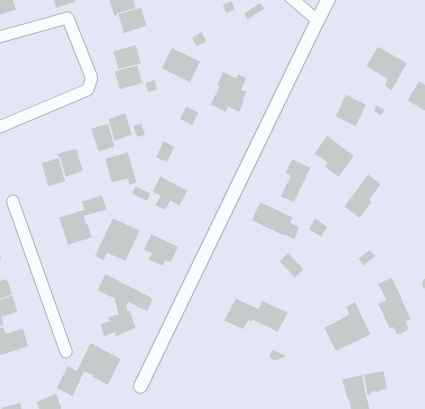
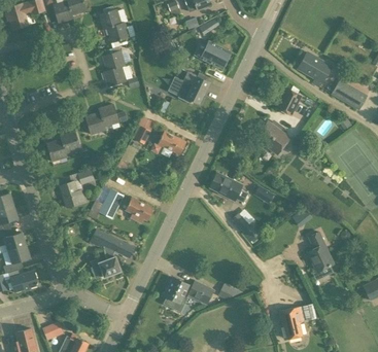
building: [161,47,201,83] -> [200,41,231,69]
building: [105,152,137,186] -> none
building: [280,158,311,203] -> none
building: [343,173,382,219] -> none
building: [152,176,188,211] -> [158,131,185,157]
building: [223,298,289,333] -> [164,278,214,305]
building: [324,301,371,351] -> none
building: [56,342,122,397] -> none

